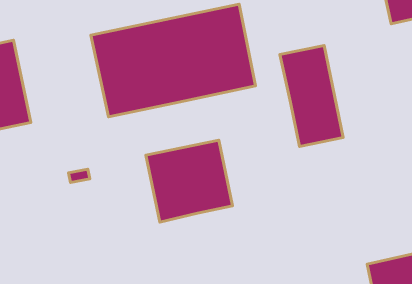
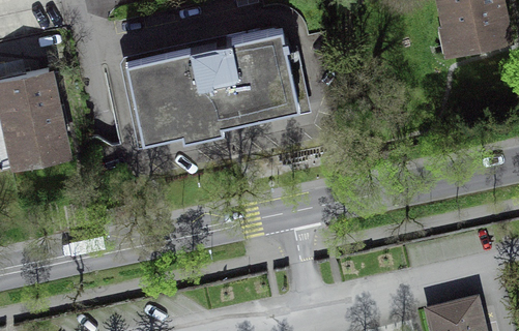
building: [280,45,343,146] -> none
building: [146,140,233,222] -> none

